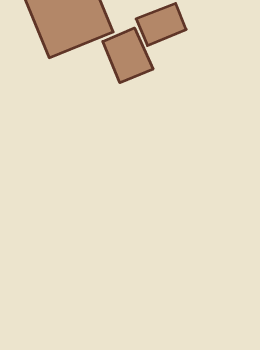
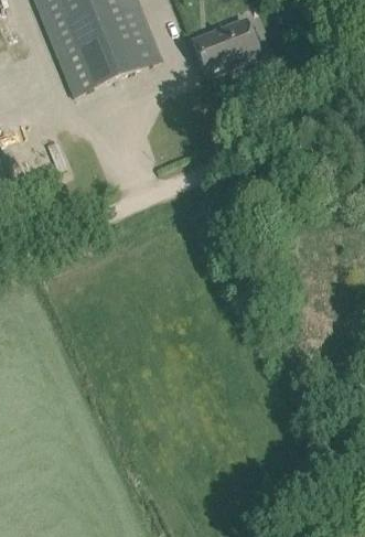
building: [103,28,153,83] -> none

